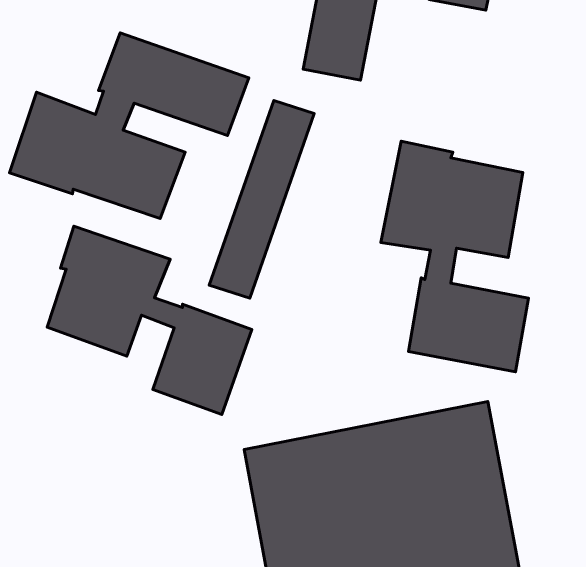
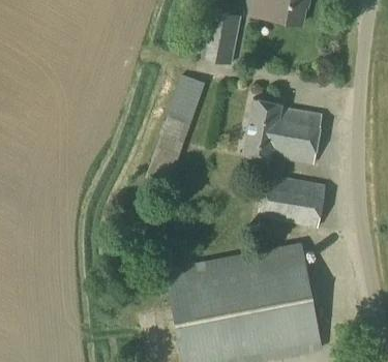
building: [10,33,249,219] -> none
building: [47,226,252,415] -> none

